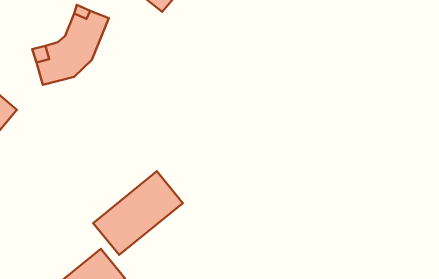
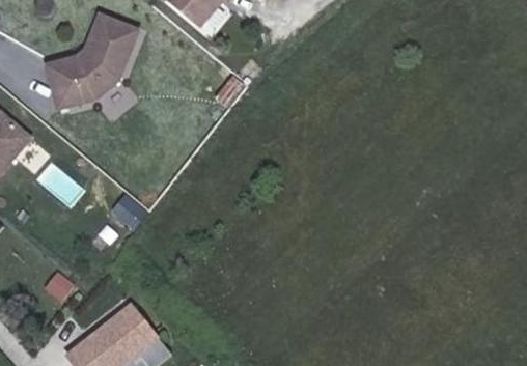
building: [93,171,183,255] -> none

